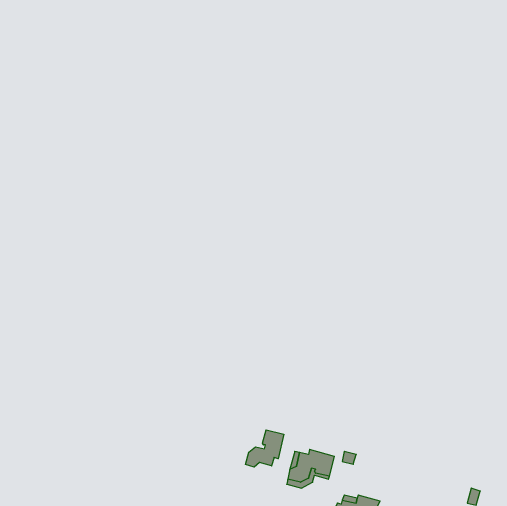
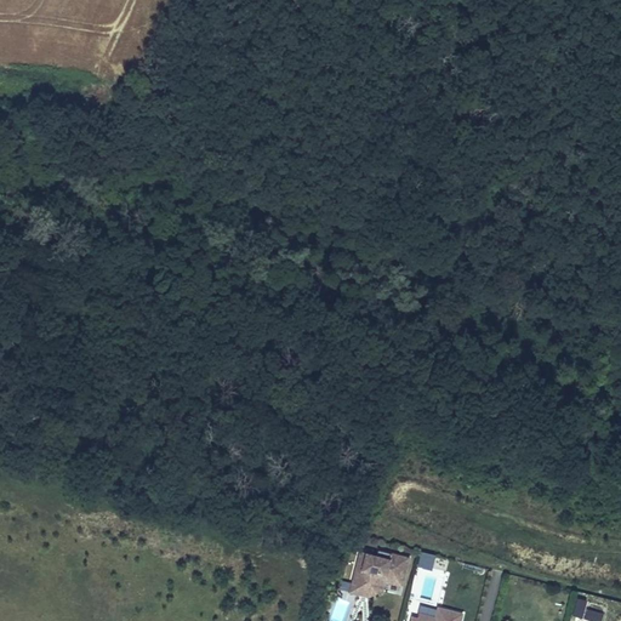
building: [246,430,284,467] -> none

